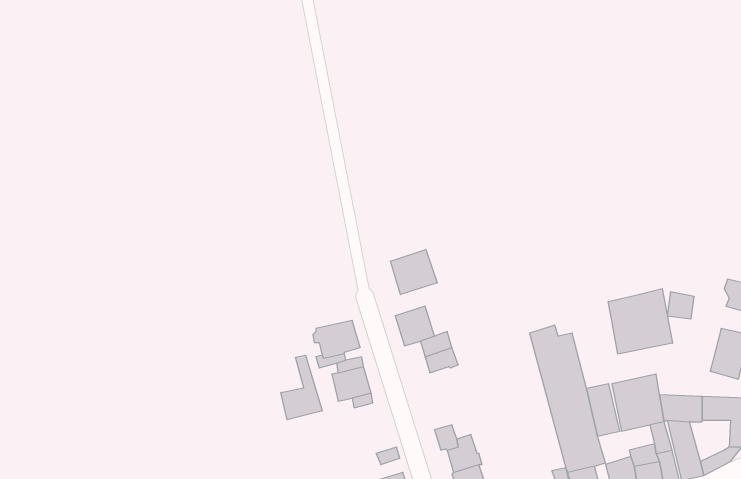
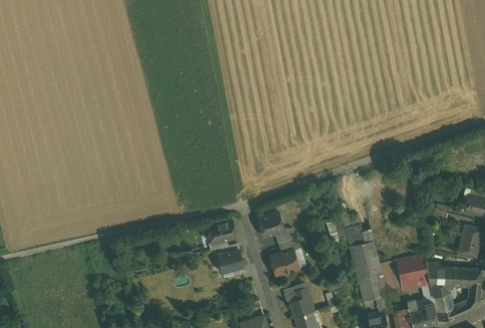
building: [390,249,437,295] -> none
building: [608,289,672,354] -> none
building: [281,355,322,420] -> none
building: none -> [271,250,299,275]

